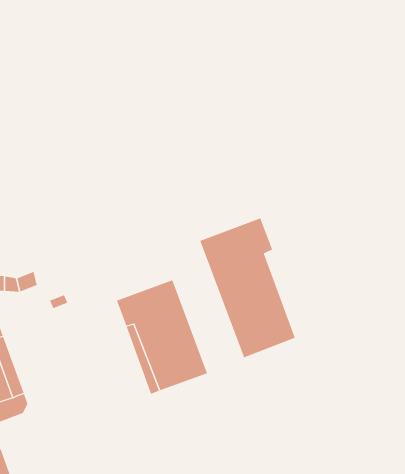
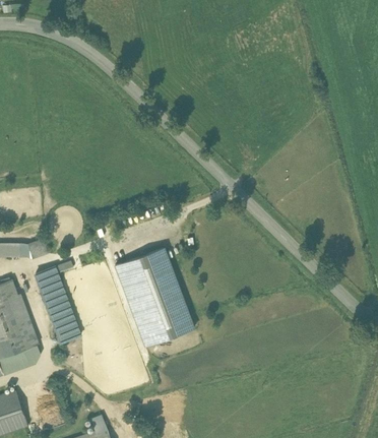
building: [200,218,295,358] -> none
building: none -> [36,267,80,342]

